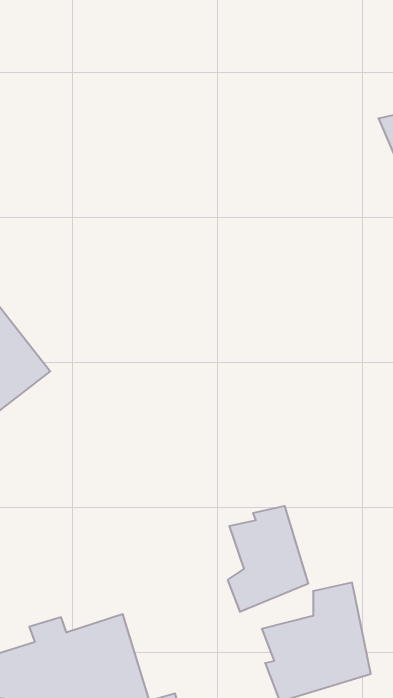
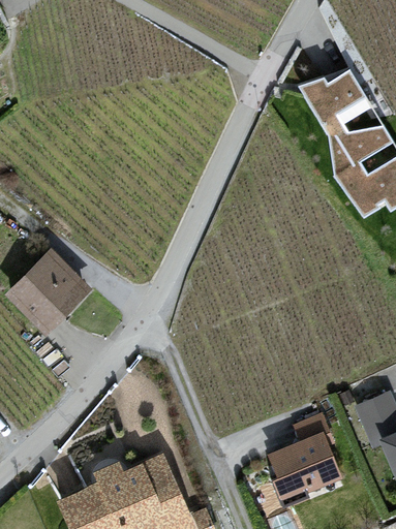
building: [228,506,308,612] -> none

